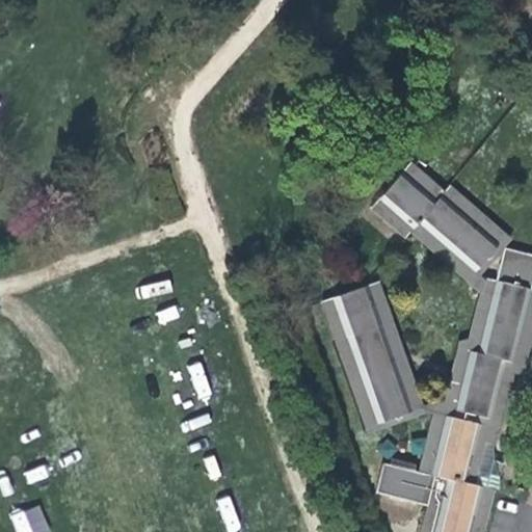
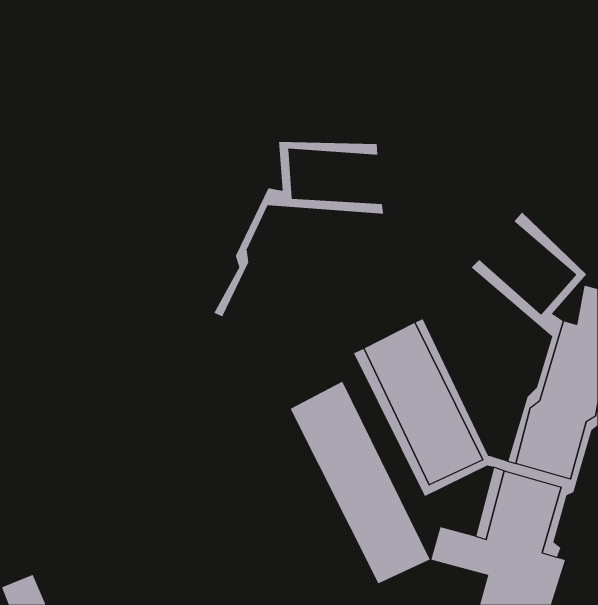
building: none -> [214,141,384,317]
building: [372,163,503,274] -> none
building: none -> [290,381,430,584]

